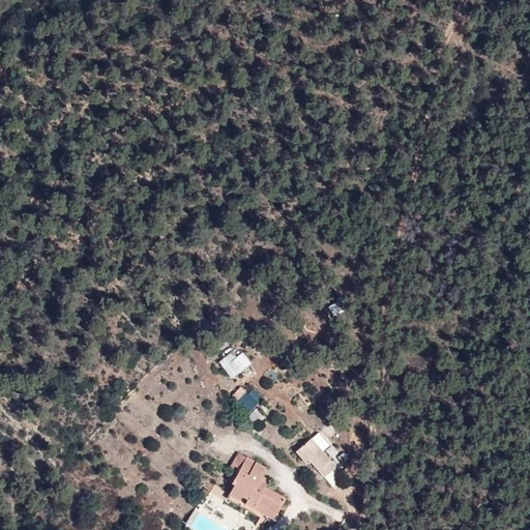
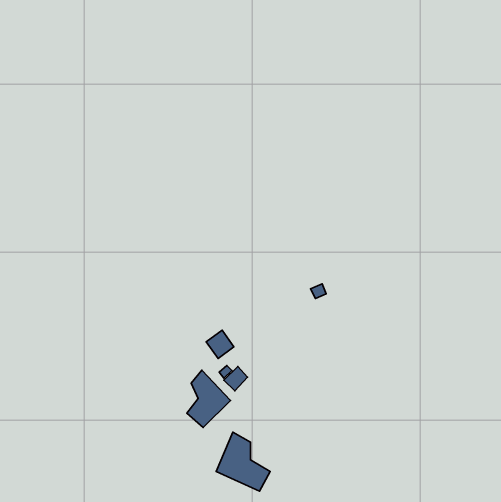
building: none -> [187,370,231,428]
building: [295,431,346,485] -> none

